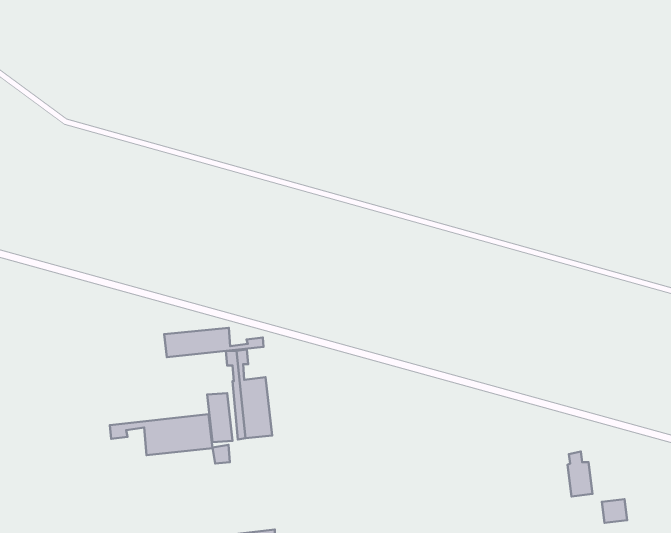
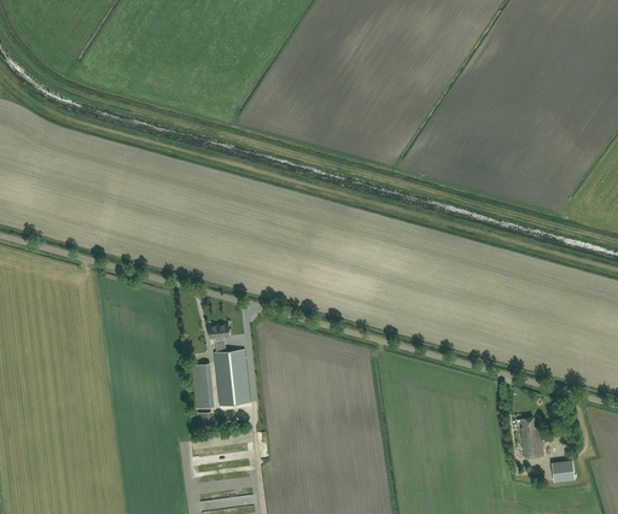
building: [164,328,263,357] -> none
building: [110,414,213,455] -> none

